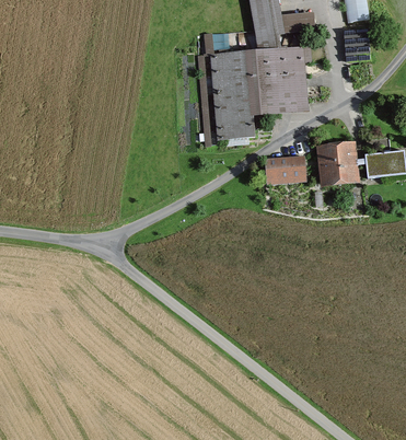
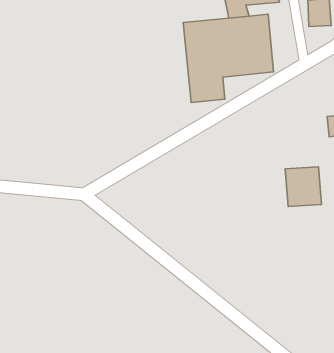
building: [317,142,357,185] -> [285,167,322,206]
building: [266,155,304,182] -> none

